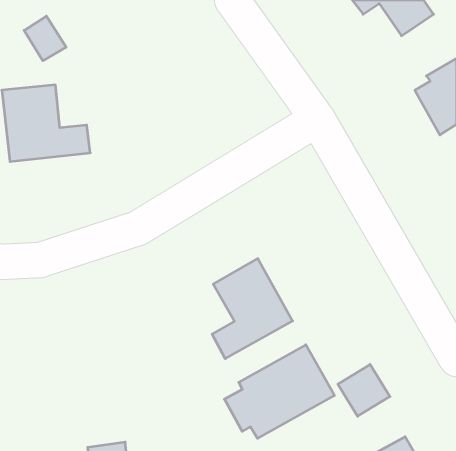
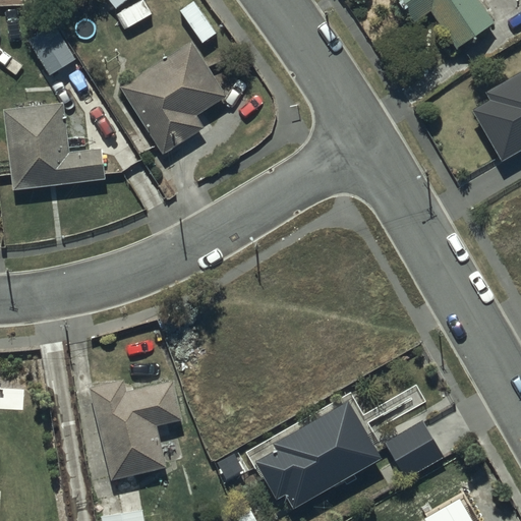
building: none -> [120,41,228,155]
building: [212,259,293,359] -> none
building: none -> [90,381,182,479]

